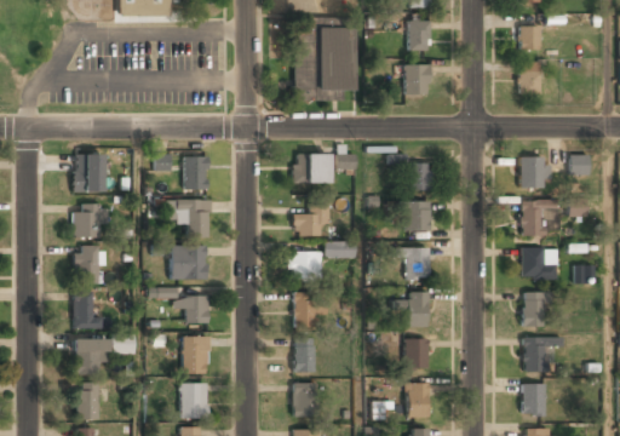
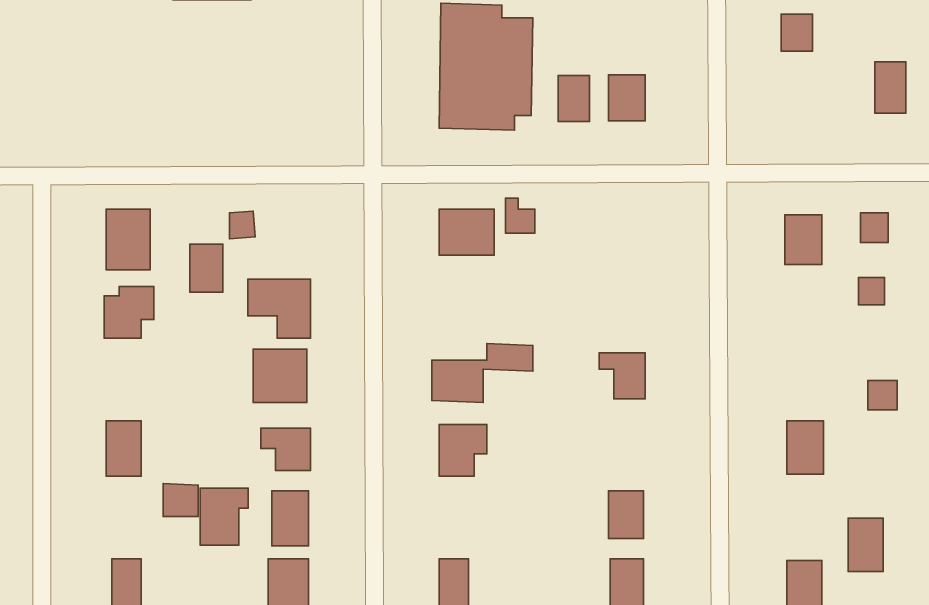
building: [409,21,430,51] -> [558,75,590,121]
building: [519,59,540,93] -> [875,62,906,113]
building: [185,156,207,188] -> [190,244,223,292]
building: [409,162,432,190] -> none
building: [403,200,432,229] -> none
building: [294,205,327,237] -> none
building: [522,206,558,234] -> none
building: [75,246,101,283] -> none
building: [522,249,557,279] -> none
building: [396,291,430,326] -> none
building: [75,338,107,375] -> [200,488,248,545]
building: [294,338,316,373] -> none
building: [523,338,546,373] -> [848,518,883,572]

